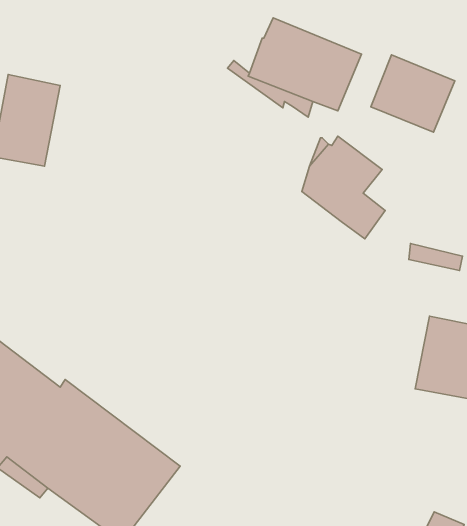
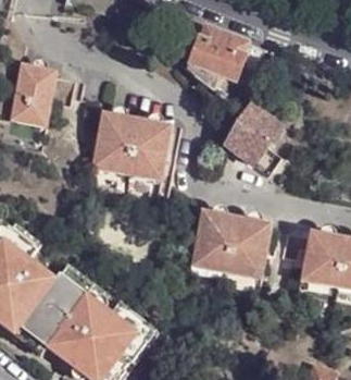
building: [371,55,455,132] -> none
building: none -> [91,110,173,180]
building: none -> [191,208,272,277]

